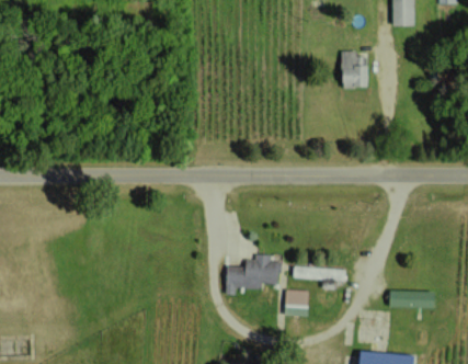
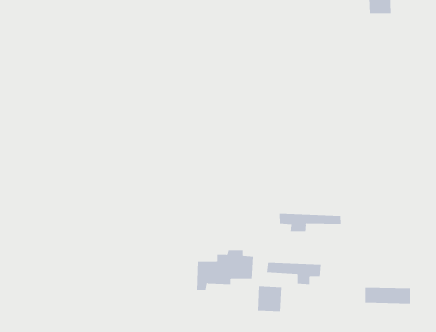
building: [341,50,368,87] -> none
building: none -> [279,213,341,232]

